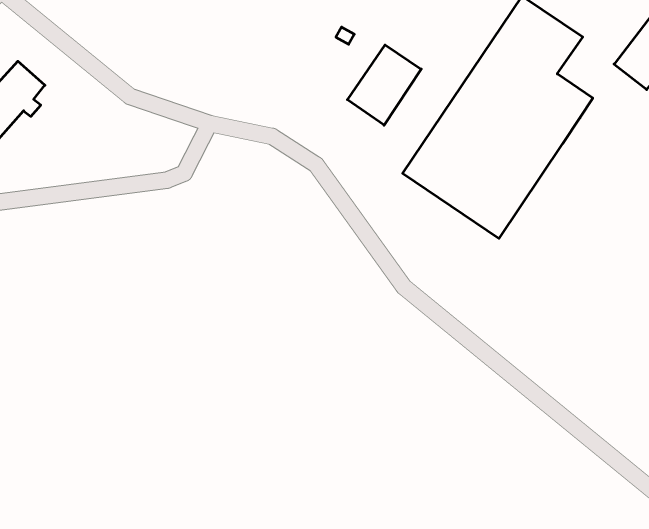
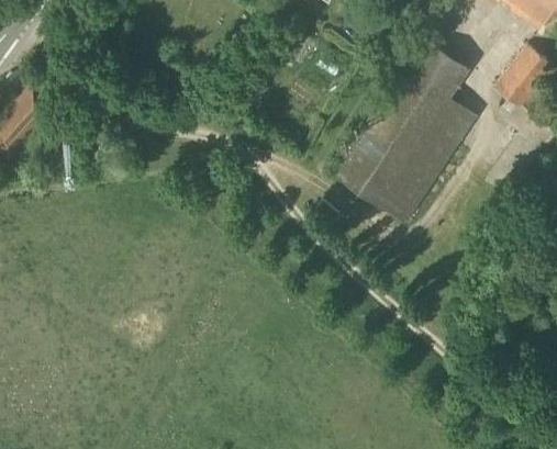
building: [347,45,421,125] -> none

